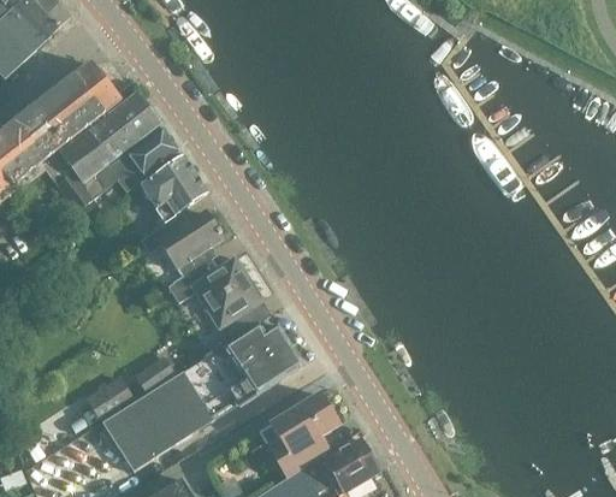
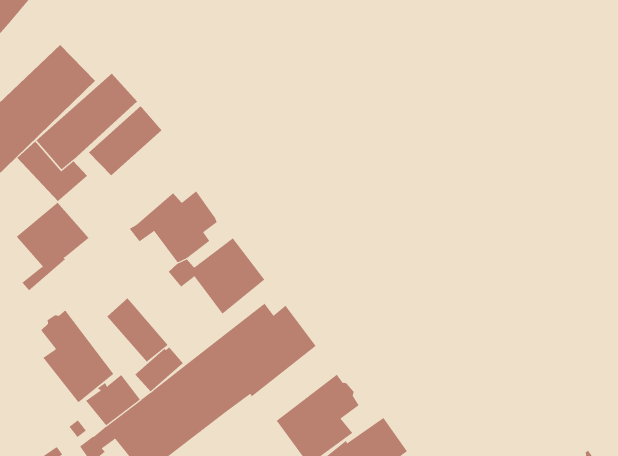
building: [140,156,208,237] -> [16,202,90,291]
building: none -> [107,298,168,363]
building: none -> [41,309,114,403]

